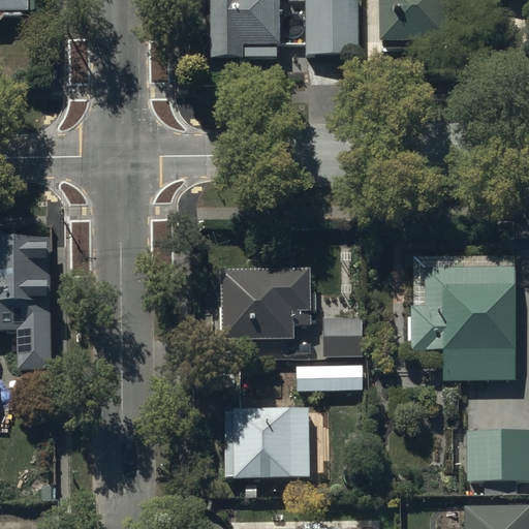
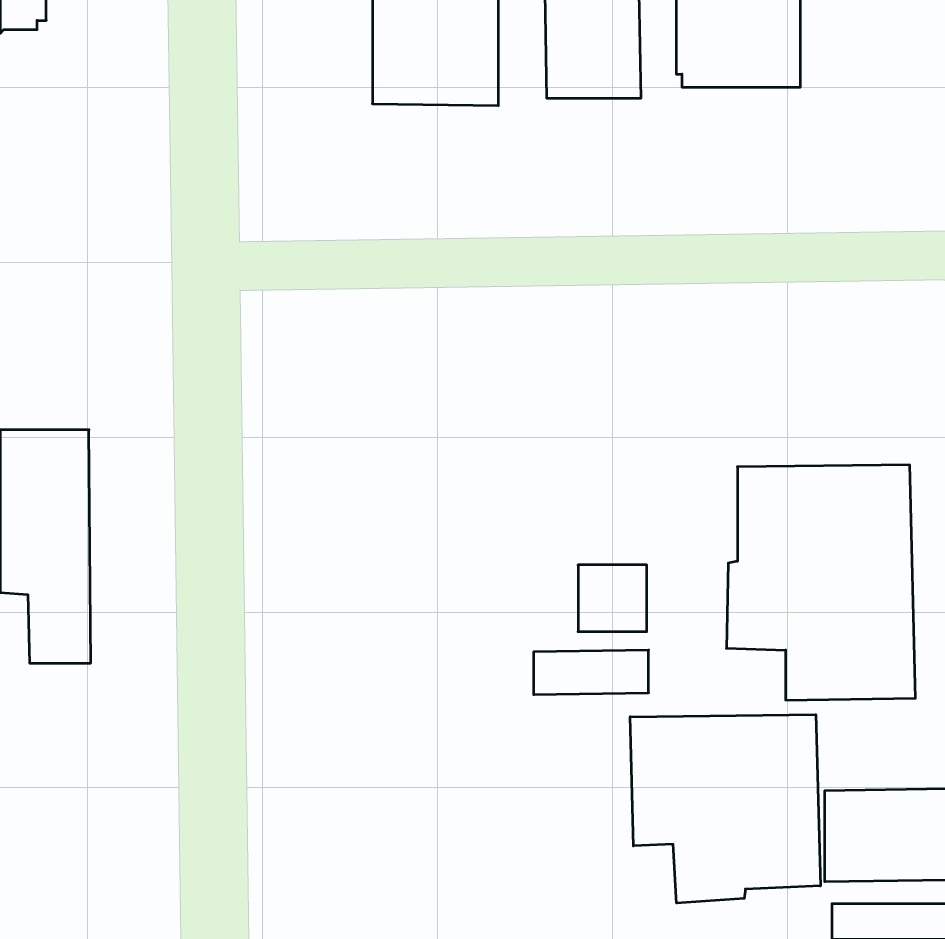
building: [219,266,317,334] -> none
building: none -> [630,715,820,903]
building: [224,406,312,475] -> none

